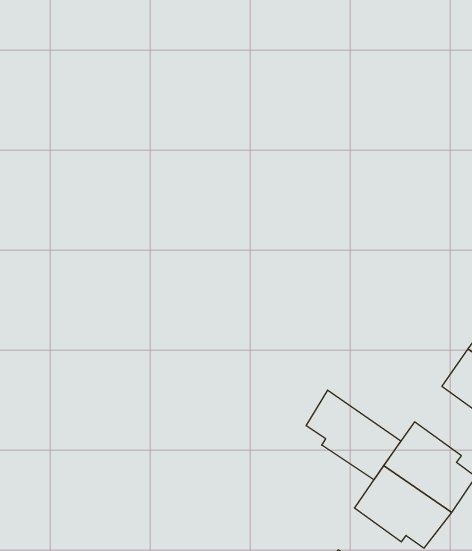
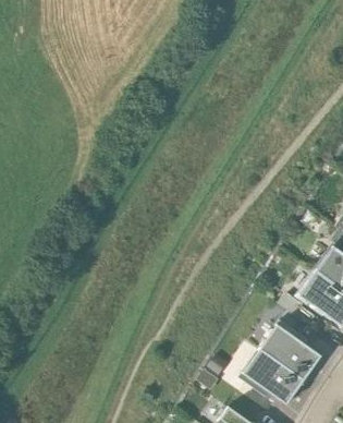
building: [306,390,401,480] -> none

